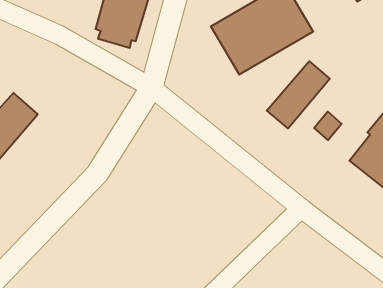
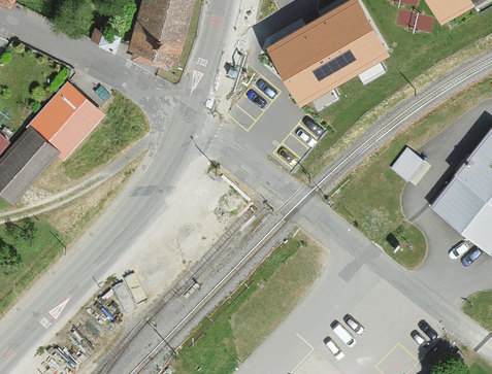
building: none -> [30,80,103,156]
building: [267,61,330,128] -> none

